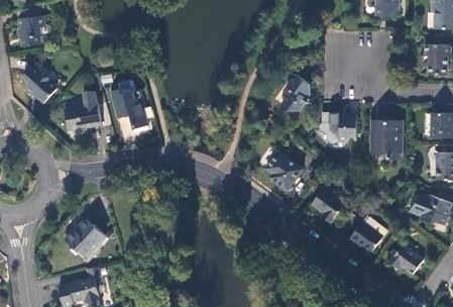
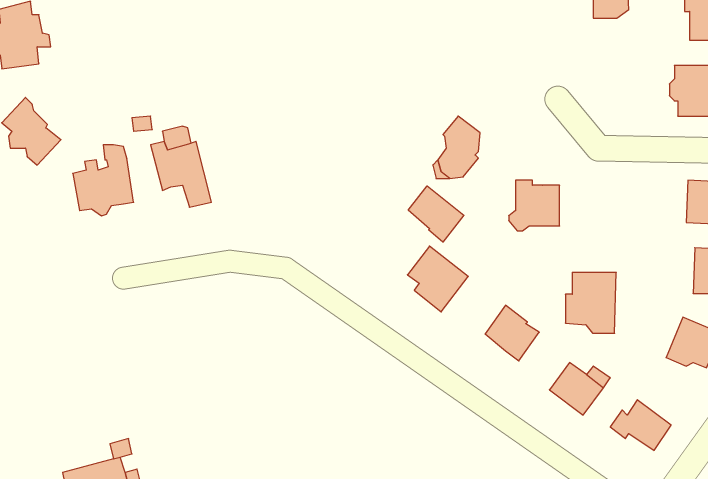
building: none -> [408,186,464,242]
building: [370,121,401,158] -> [565,272,616,333]
building: [65,219,105,258] -> none

